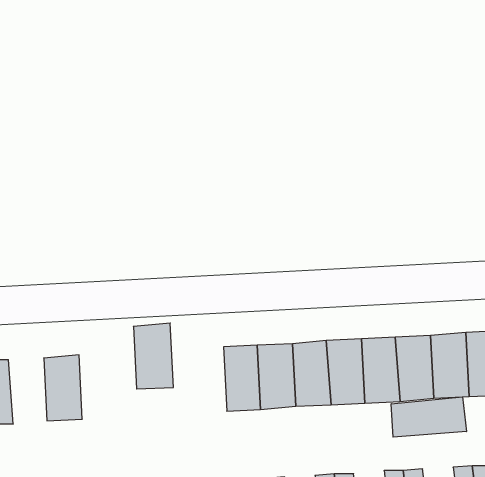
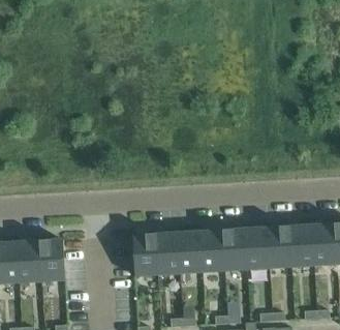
building: [133,323,173,389] -> [132,234,158,276]
building: none -> [18,241,42,283]
building: [391,397,466,437] -> none

